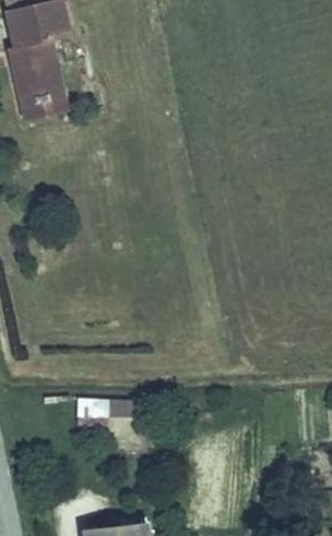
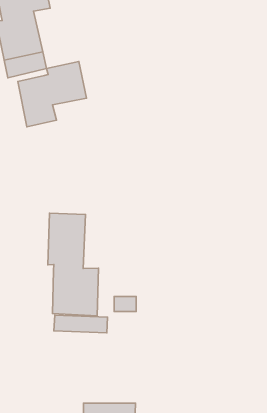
building: none -> [18,62,87,127]
building: none -> [48,213,99,316]

